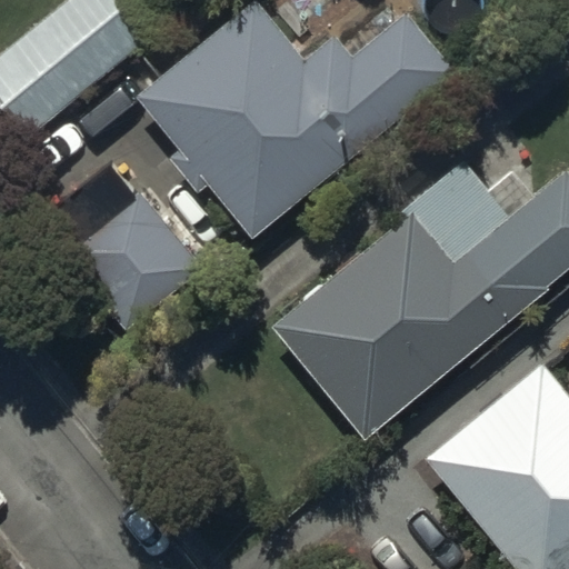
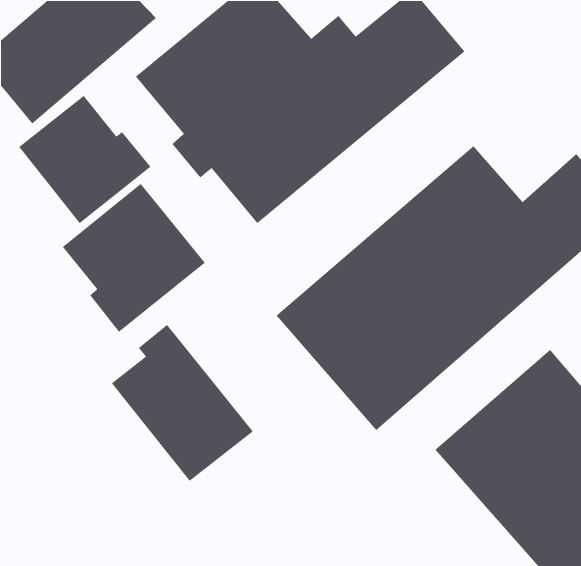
building: none -> [18,95,151,224]
building: none -> [111,324,254,482]

